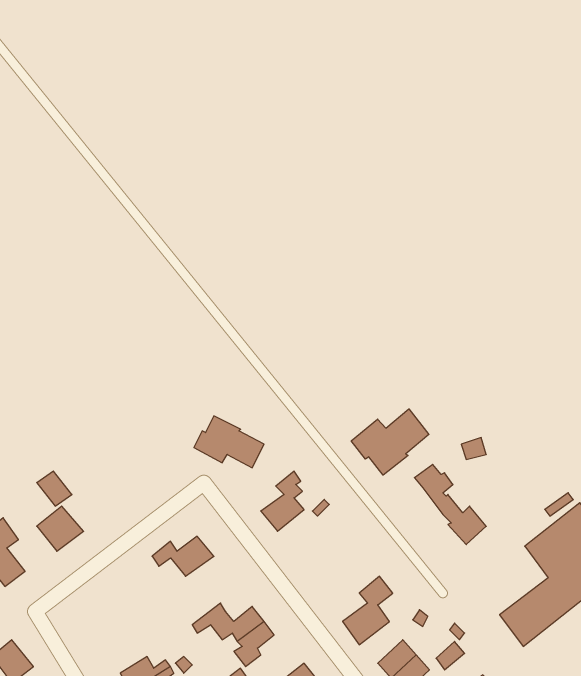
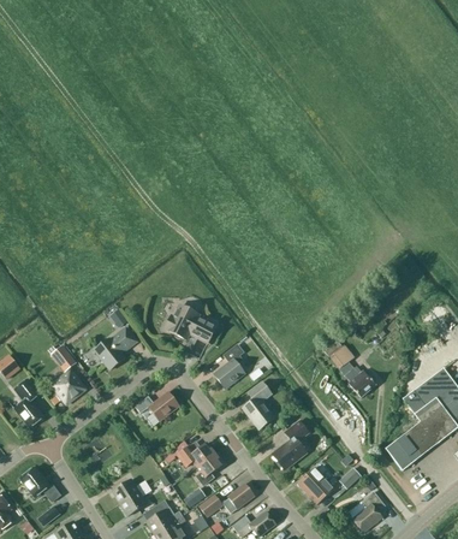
building: [351,409,429,475] -> none
building: none -> [95,327,137,369]
building: none -> [244,381,274,428]

